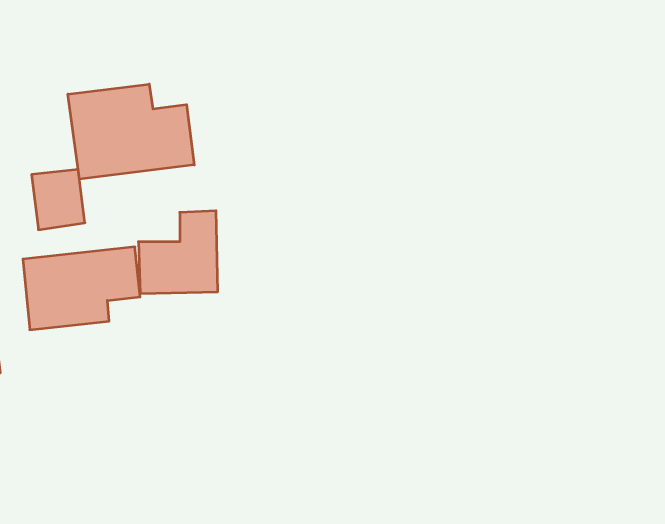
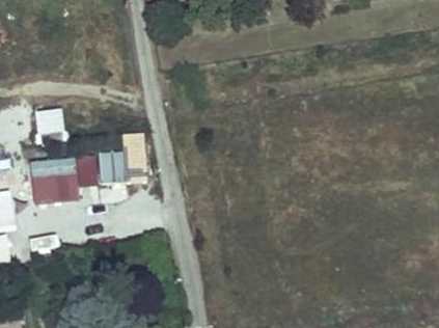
building: [68,84,194,179] -> none

